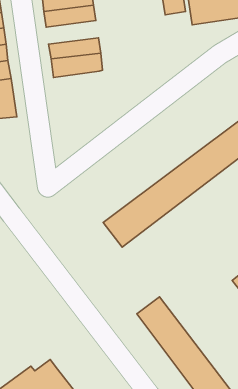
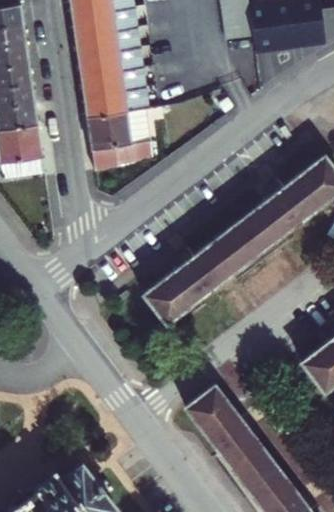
building: none -> [77,45,141,74]
building: none -> [86,107,149,167]

